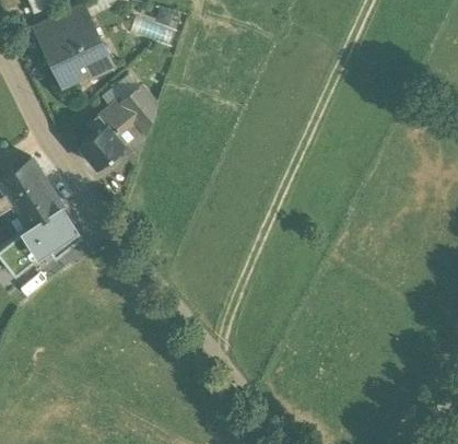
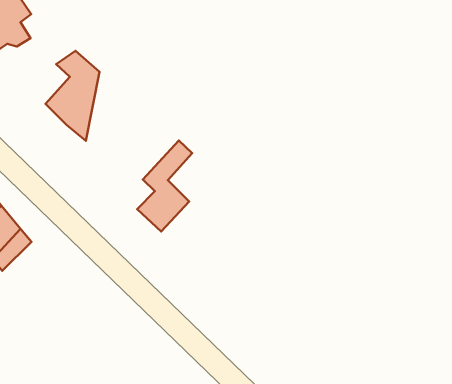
building: [79,97,130,171] -> [137,141,192,231]

